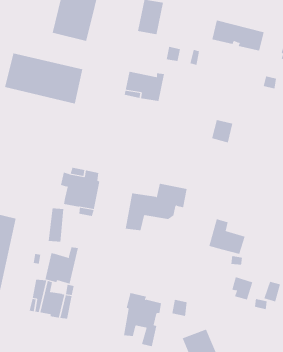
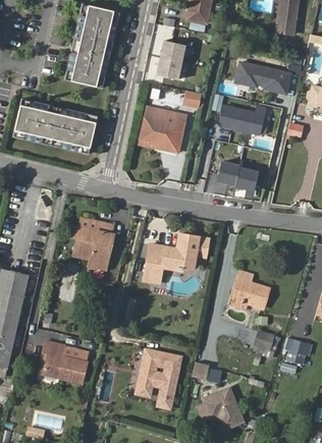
building: none -> [219,103,265,132]
building: none -> [216,161,239,186]
building: [45,247,78,284] -> none

